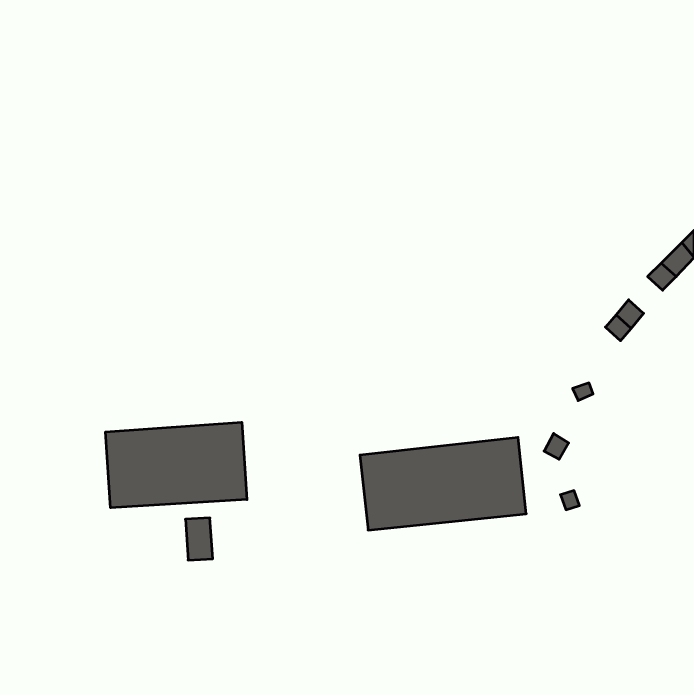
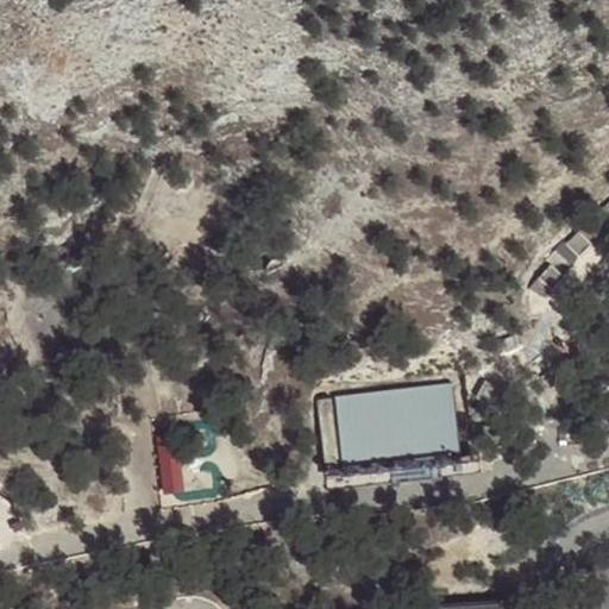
building: [106,422,247,508] -> none

